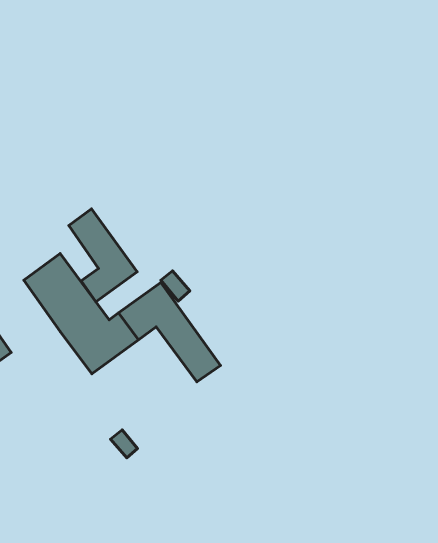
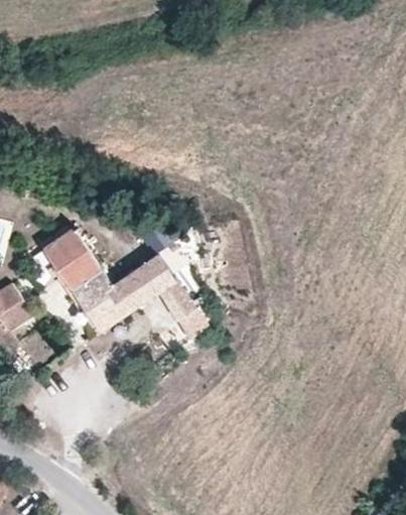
building: [69,209,137,302] -> none

